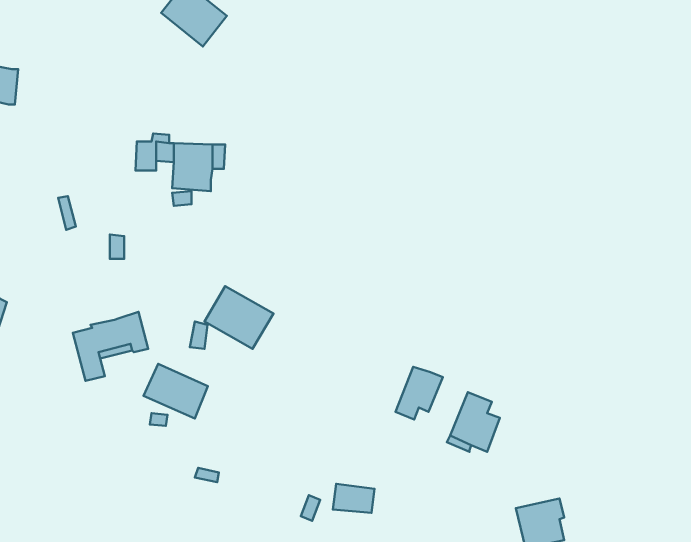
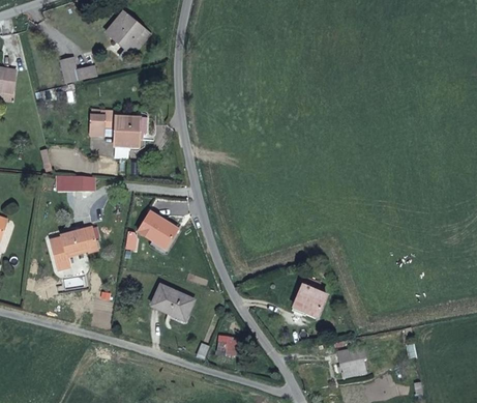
building: none -> [61,57,91,83]
building: [144,364,208,418] -> [151,285,192,320]
building: [395,367,443,419] -> none

